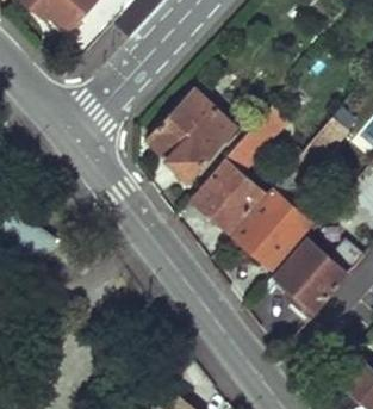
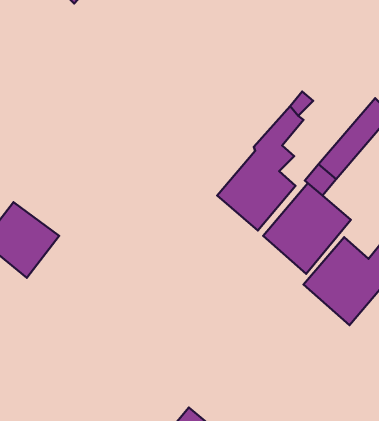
building: [145,61,235,181] -> none

